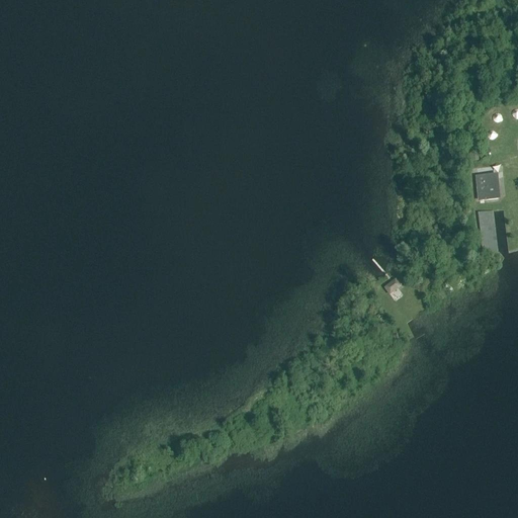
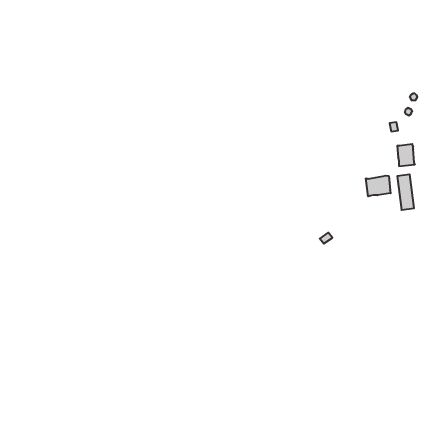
building: none -> [366,176,391,196]

